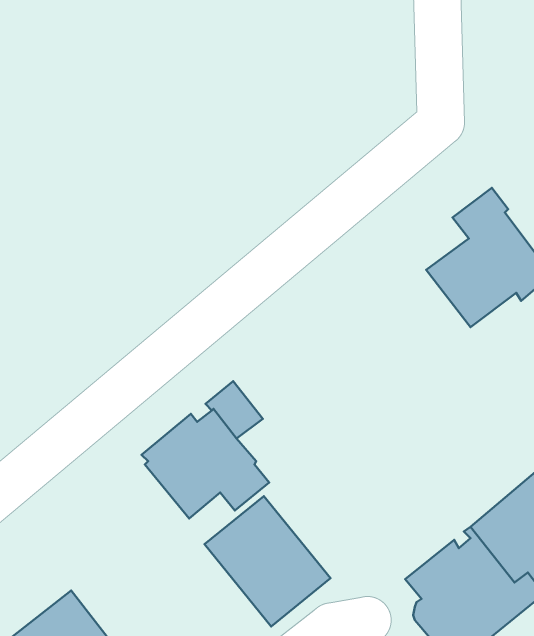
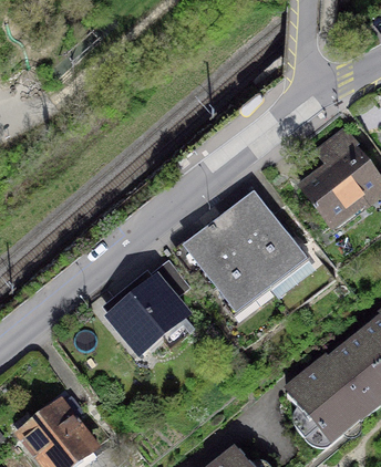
building: none -> [186,196,298,307]
building: [204,496,331,626] -> none

